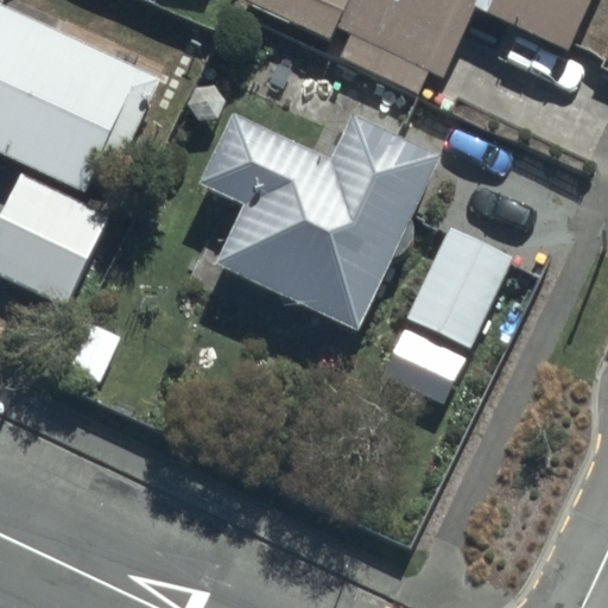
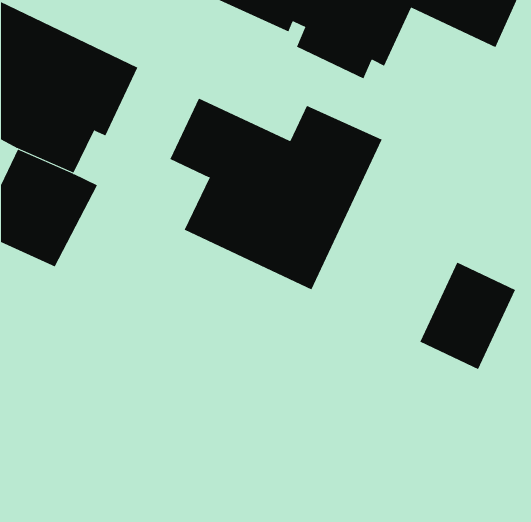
building: [403,224,513,348] -> [419,262,516,370]

